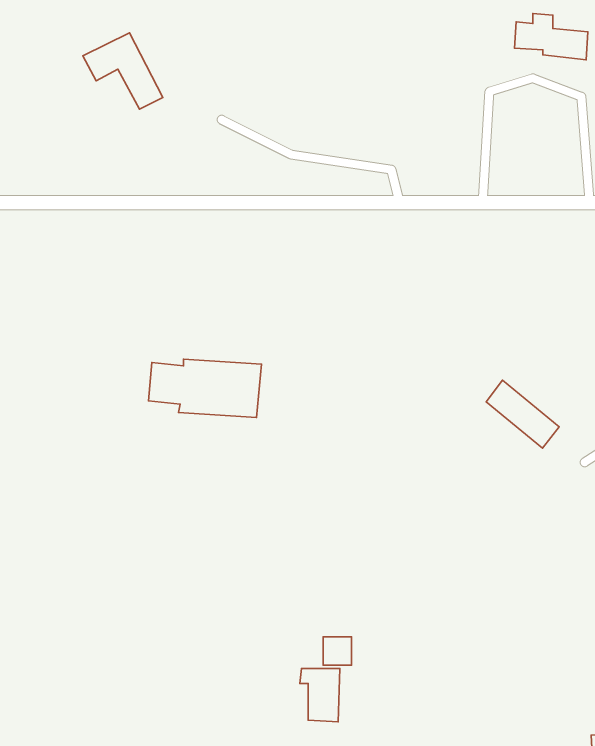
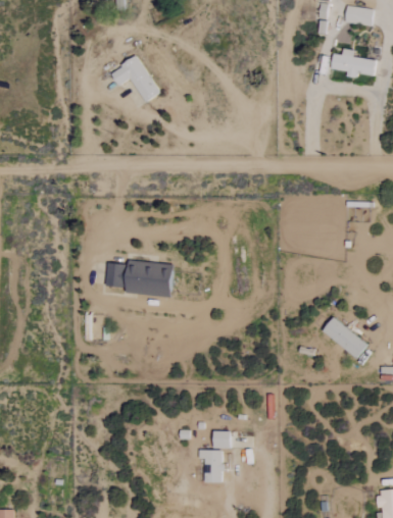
building: [83,33,163,109] -> [110,56,159,103]
building: [486,380,559,448] -> [323,318,367,360]

